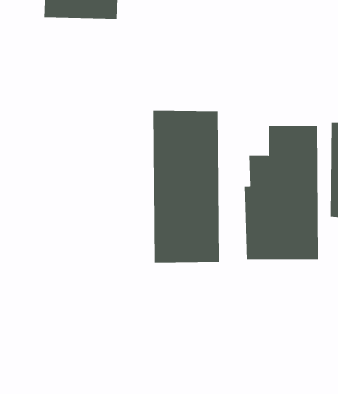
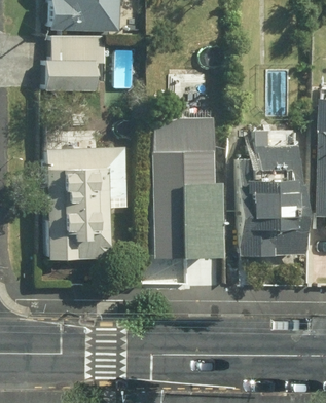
building: none -> [48,35,110,90]
building: none -> [45,148,130,261]

